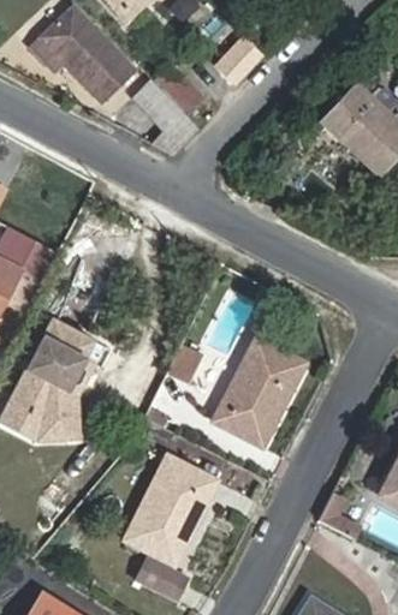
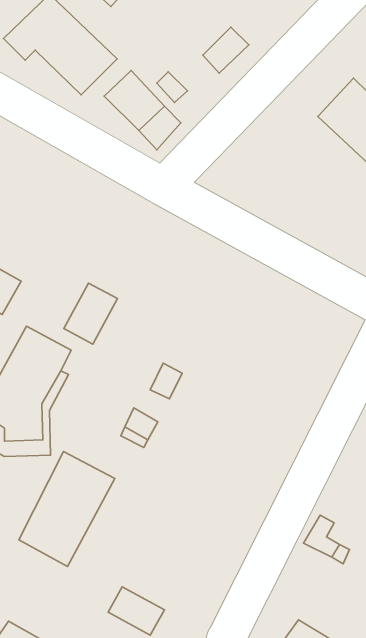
building: none -> [64,283,117,344]
building: [210,344,302,453] -> none
building: [121,462,212,571] -> [19,452,115,567]

